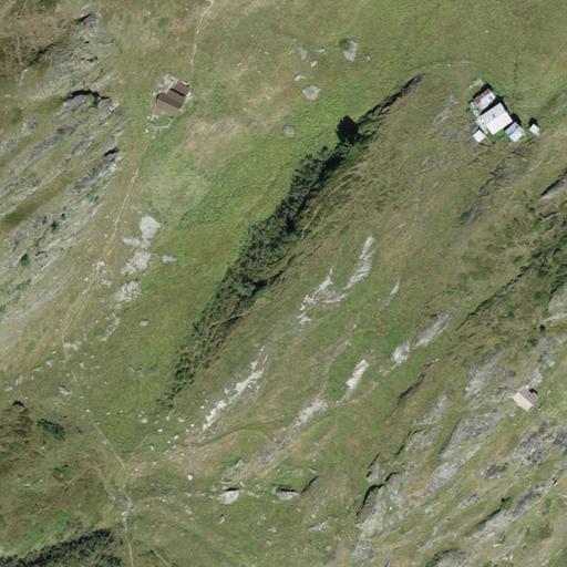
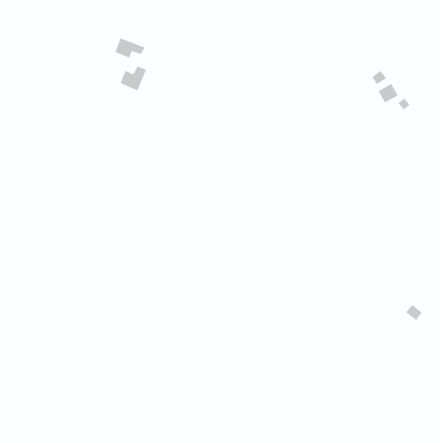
building: none -> [115,37,145,58]

